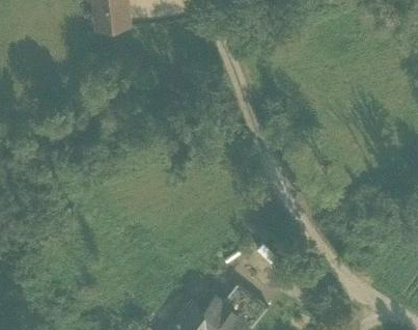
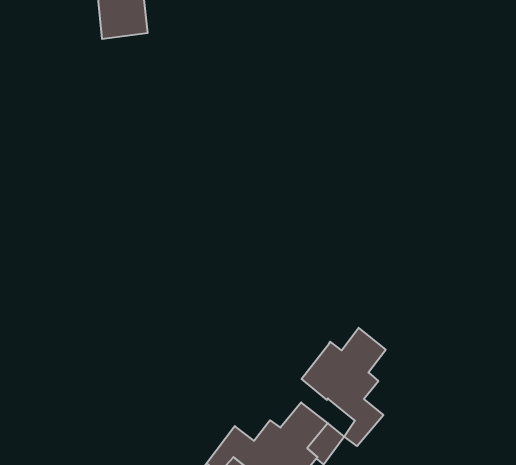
building: none -> [302,328,386,446]

